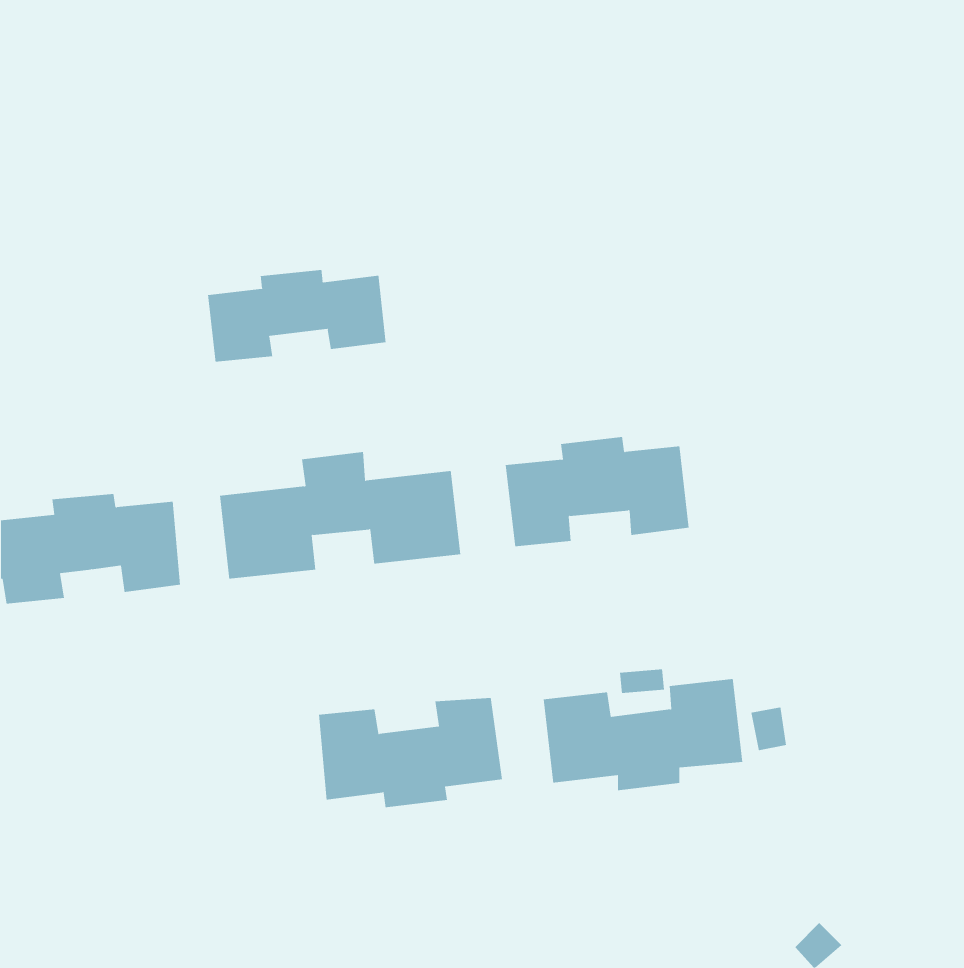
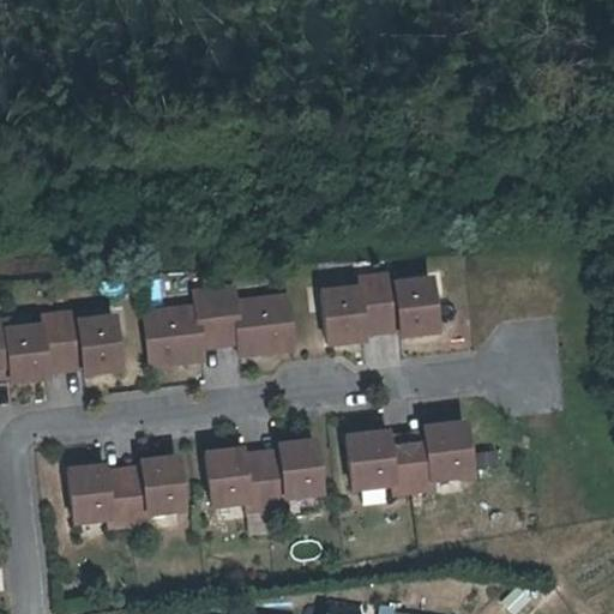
building: [208,269,386,363] -> none
building: none -> [68,453,185,523]

